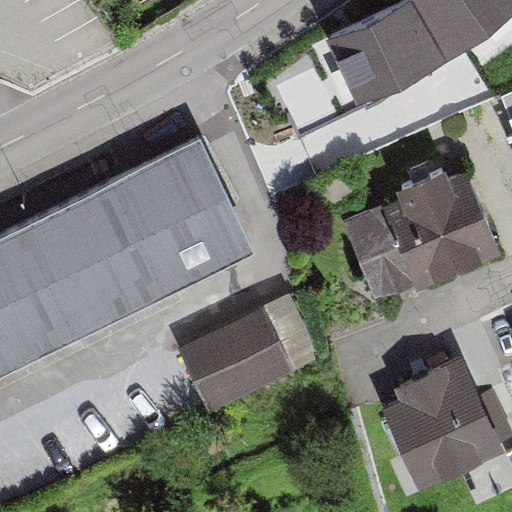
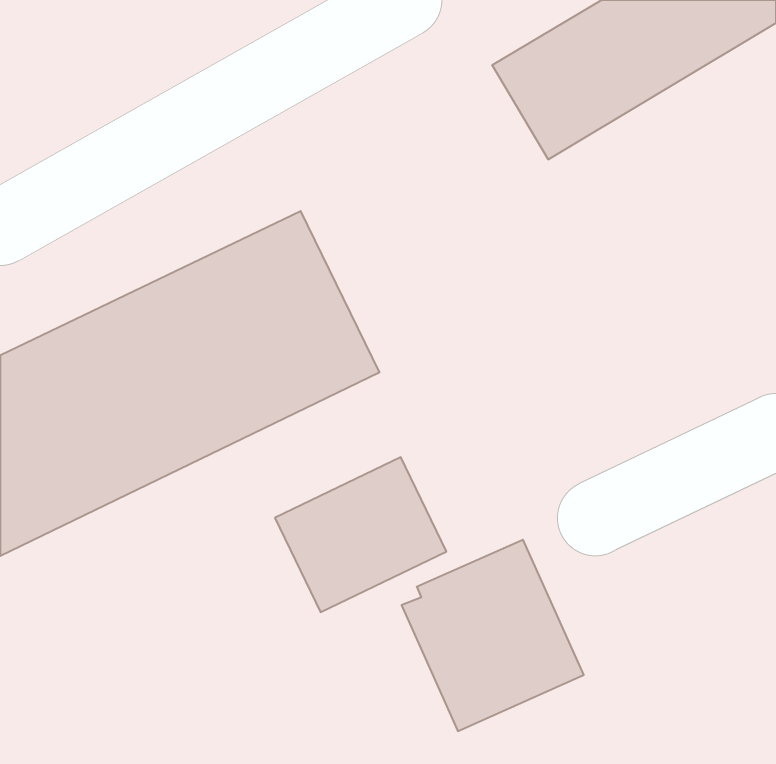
building: [344,165,503,301] -> none
building: [384,357,504,483] -> [402,540,584,731]

